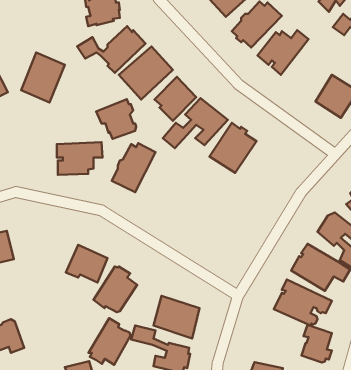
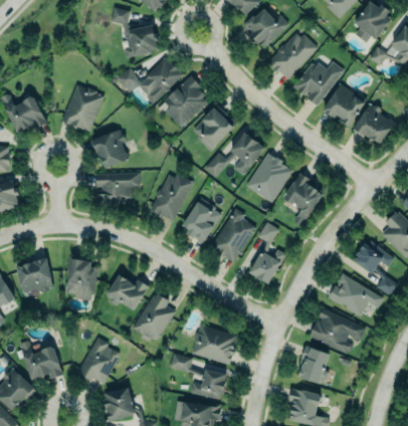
building: none -> [322,84,365,128]
building: [96,99,136,139] -> [89,129,129,168]
building: none -> [284,173,324,225]
building: none -> [182,201,221,243]
building: none -> [212,209,256,263]
building: none -> [248,221,285,285]
building: none -> [66,258,97,300]
building: [89,318,130,365] -> [77,338,119,384]
building: [301,325,332,363] -> [299,347,330,384]

